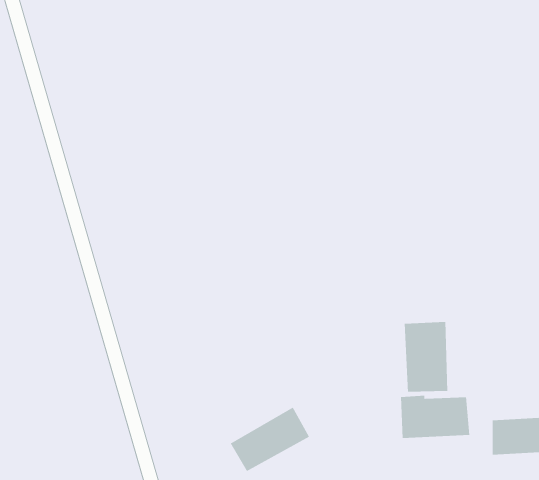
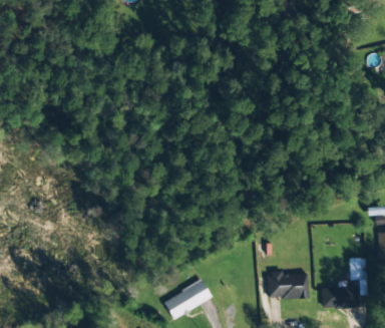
building: [404,321,448,393] -> none

